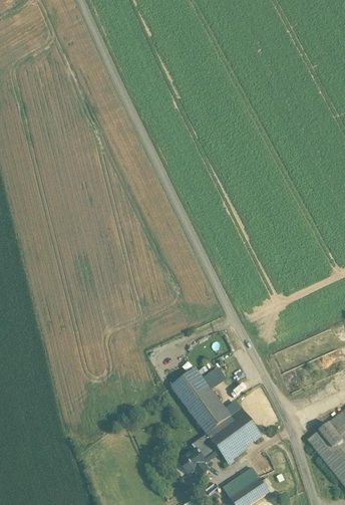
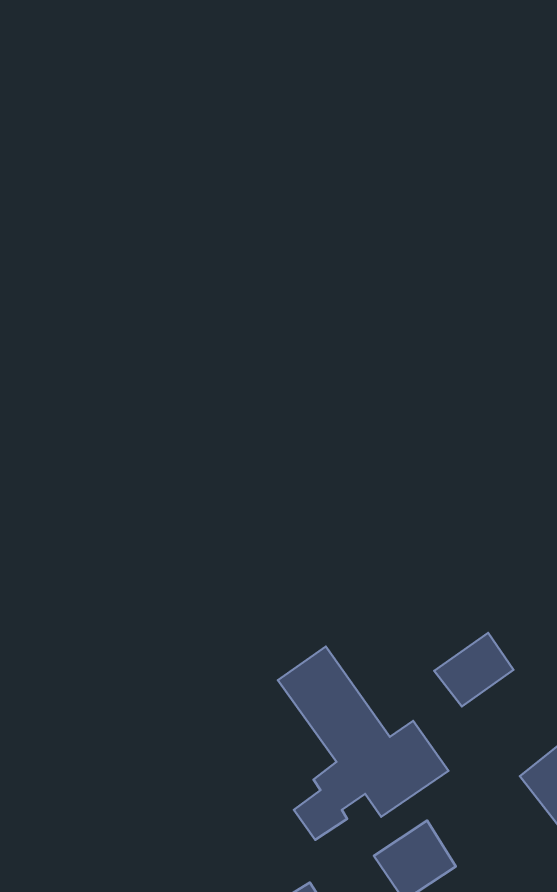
building: none -> [434,633,513,707]

